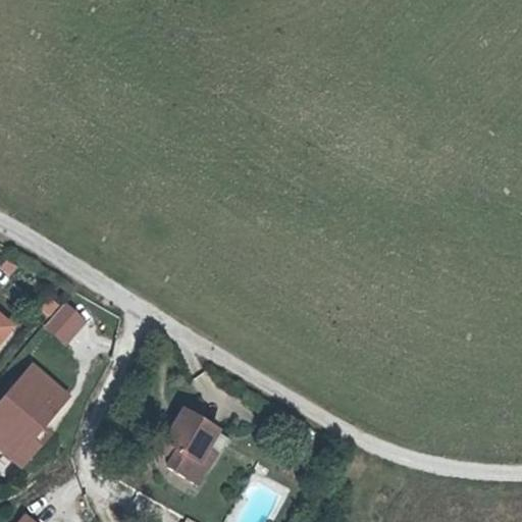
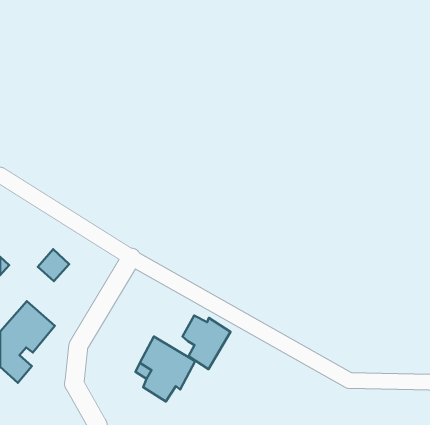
building: none -> [182,316,230,369]

